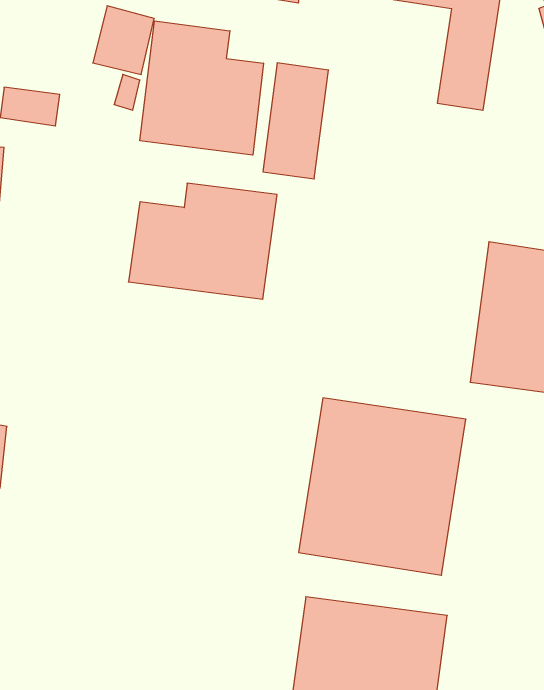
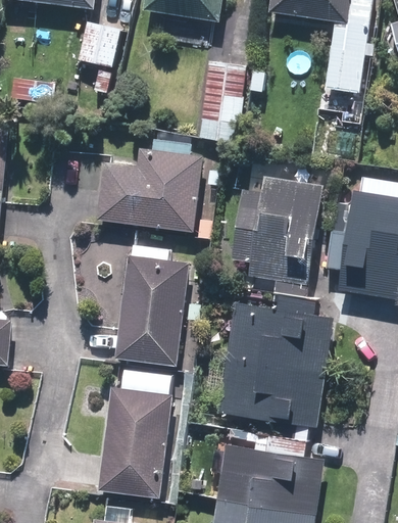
building: [140,21,263,155] -> none
building: none -> [232,173,327,284]
building: none -> [116,253,189,365]
building: none -> [100,386,171,496]

